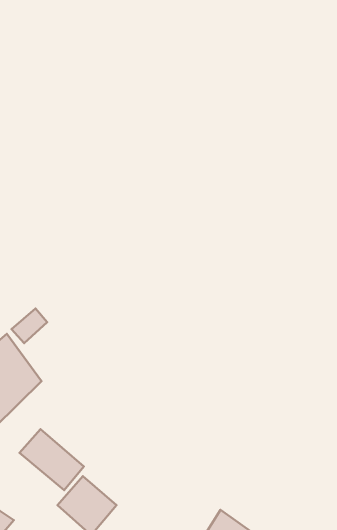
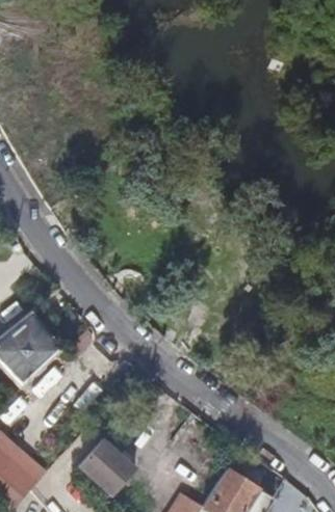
building: [20,429,84,490] -> none

